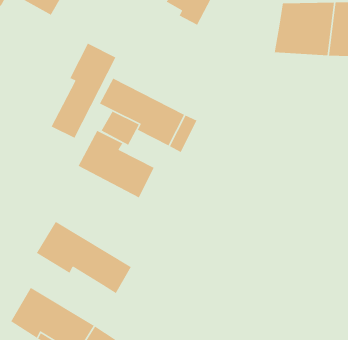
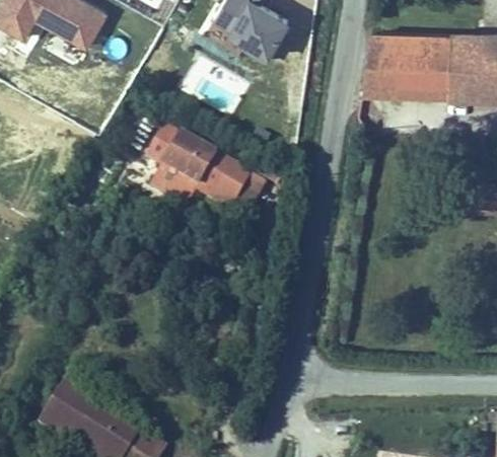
building: [50,42,117,139] -> none
building: [77,130,155,199] -> none
building: [36,221,132,294] -> none

